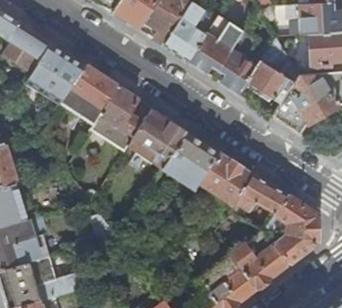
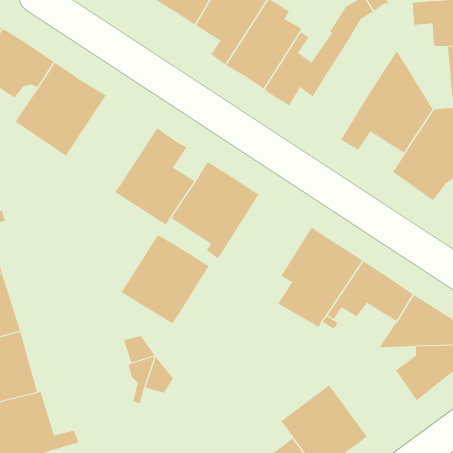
building: [221,31,256,95] -> none
building: [61,66,119,125] -> none
building: [162,131,220,190] -> [121,234,209,324]
building: [232,231,289,289] -> none

